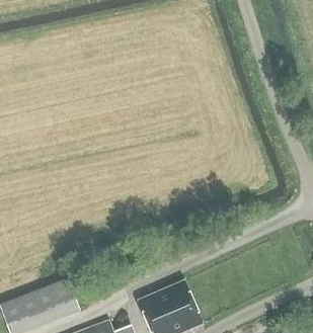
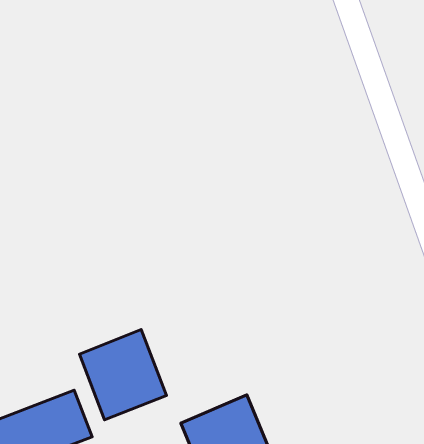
building: none -> [79,330,166,420]

